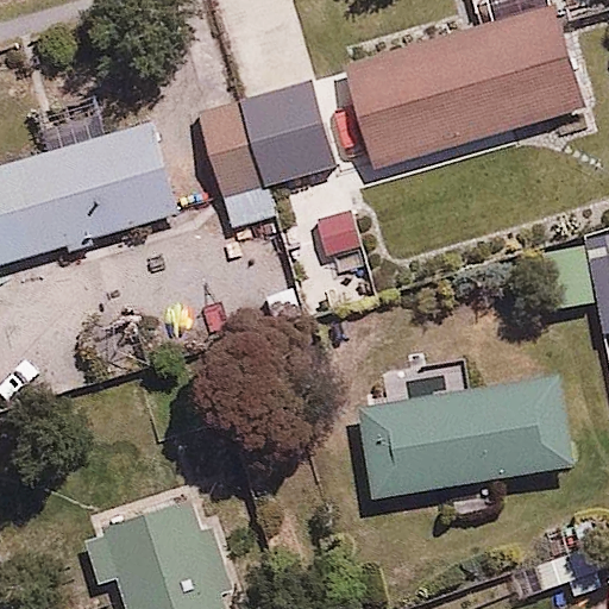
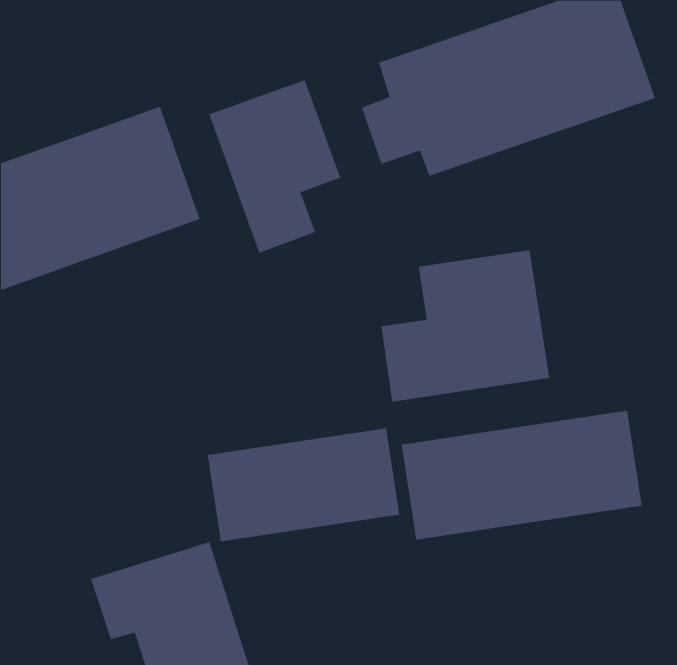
building: none -> [381,249,550,402]
building: none -> [207,427,400,542]

